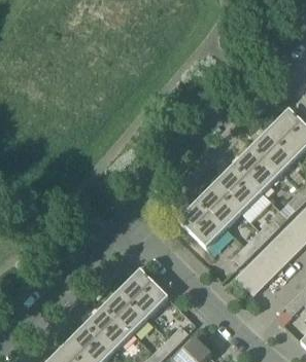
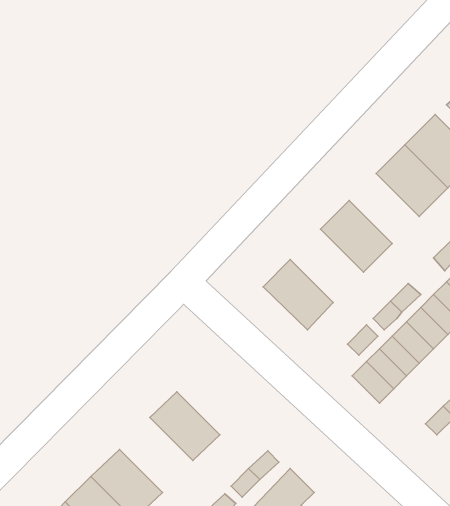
building: [233,146,278,191] -> none
building: [195,182,242,229] -> none
building: [122,268,168,315] -> none
building: [84,303,132,352] -> none

